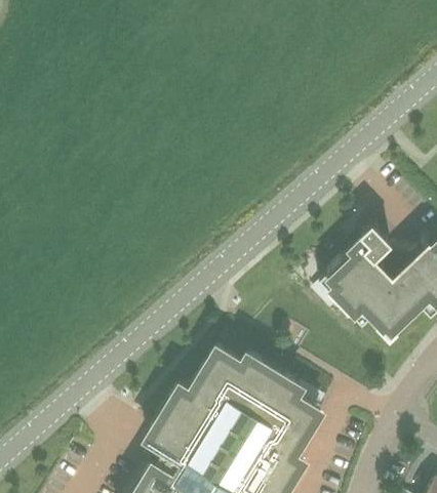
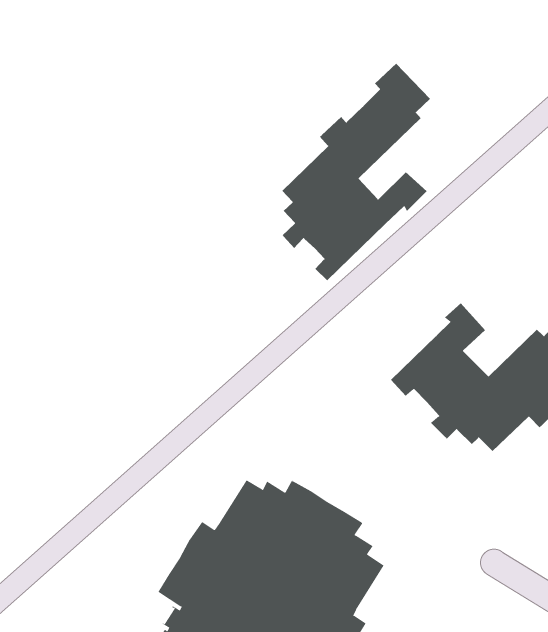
building: none -> [282,63,431,281]

